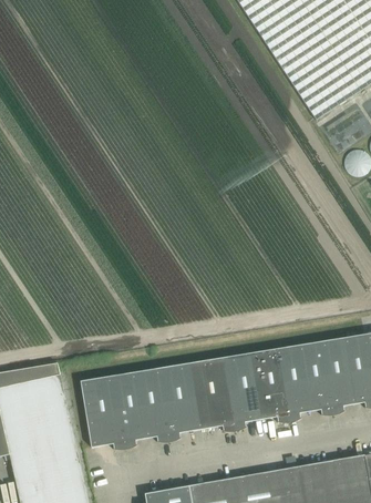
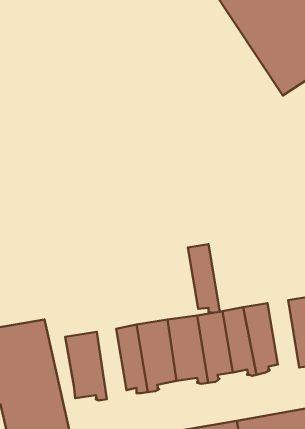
building: [299,341,333,415] -> [188,244,220,313]
building: [114,372,146,449] -> none

